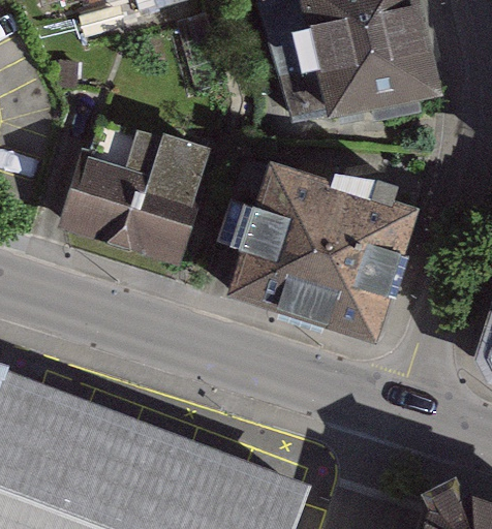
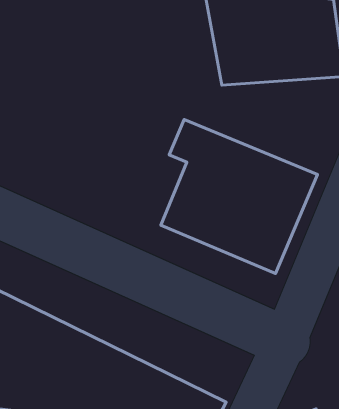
building: [65,128,216,276] -> none

